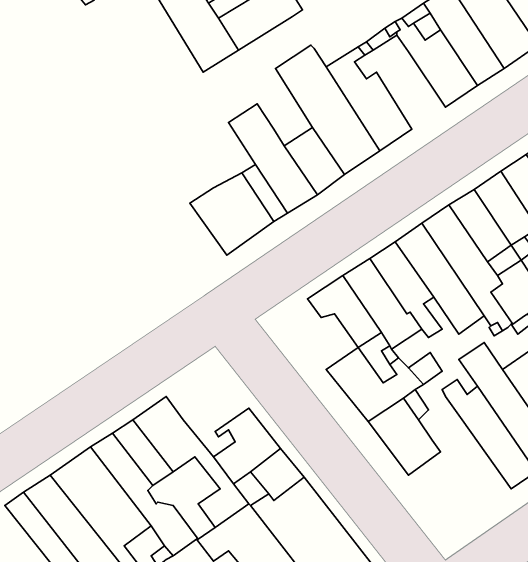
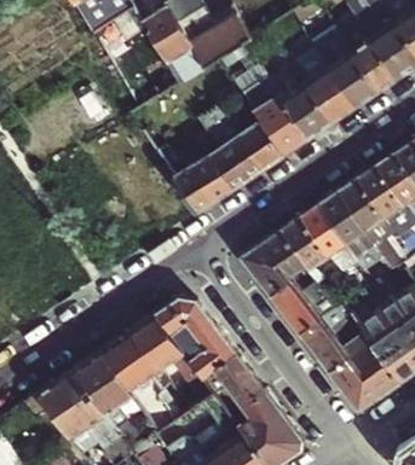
building: none -> [305,69,355,124]
building: none -> [238,246,292,297]
building: none -> [154,300,213,342]
building: none -> [328,333,402,413]

